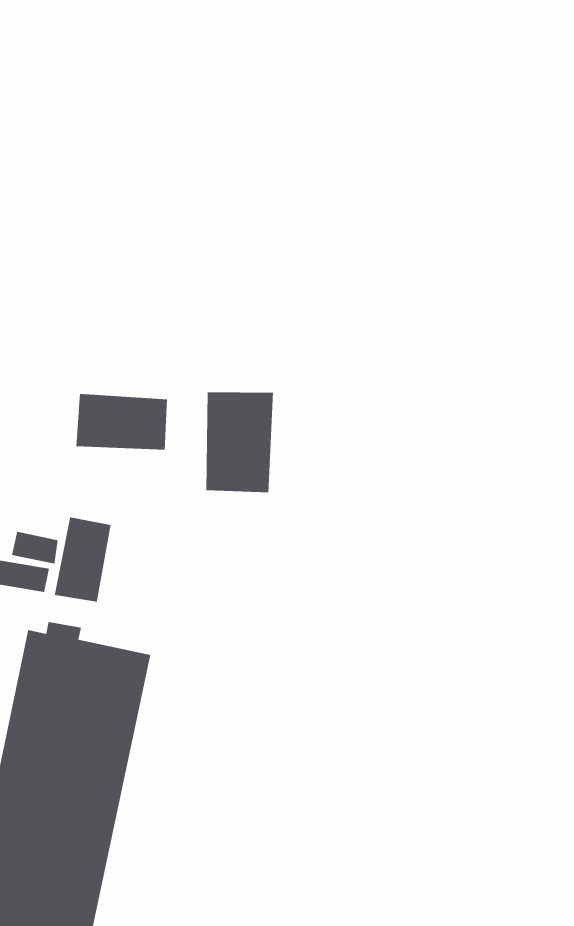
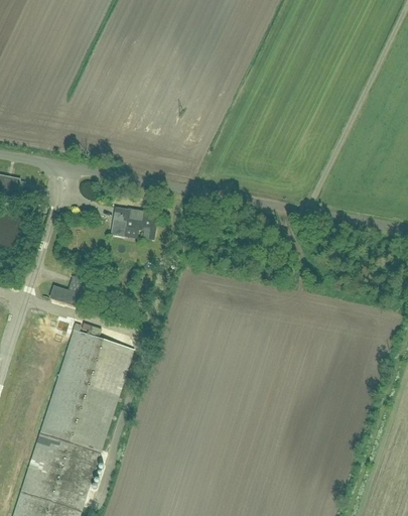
building: [206,391,273,493] -> none
building: [54,516,111,602] -> none

